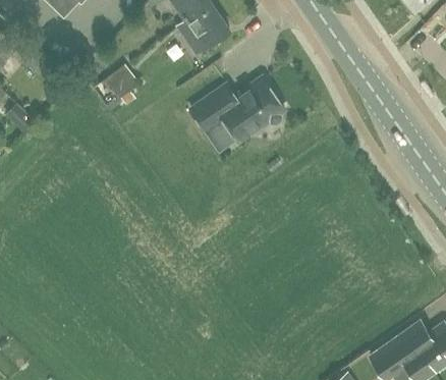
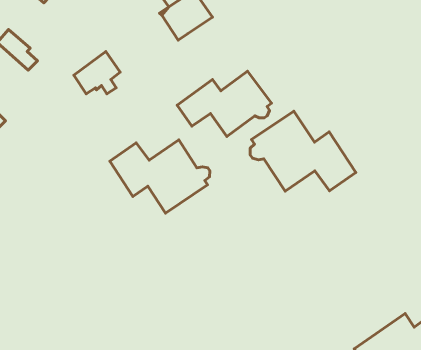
building: none -> [250,111,356,191]
building: none -> [110,140,210,213]

